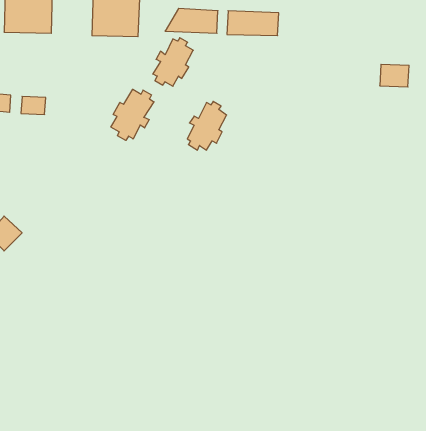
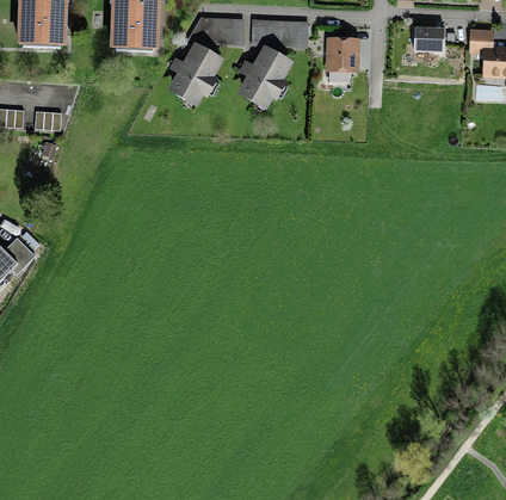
building: none -> [327,39,354,80]
building: [380,64,409,87] -> [413,26,444,50]
building: [111,89,154,140] -> none
building: [187,101,227,150] -> [243,50,285,101]

